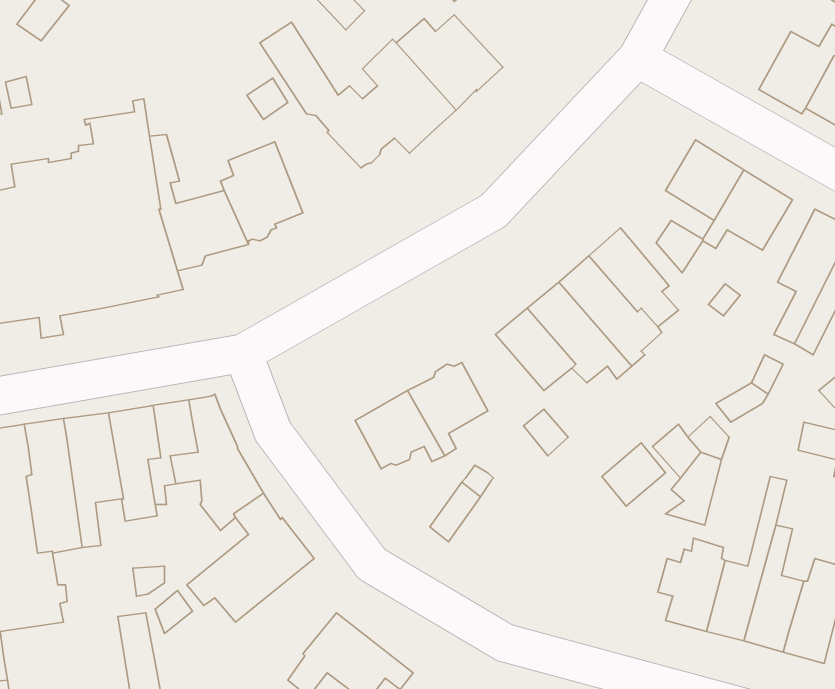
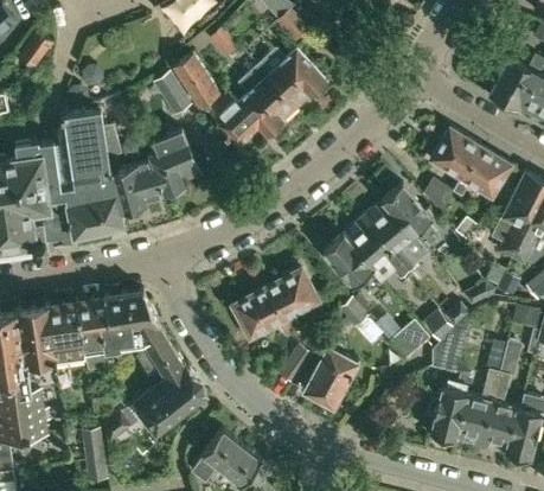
building: none -> [302,336,357,406]

